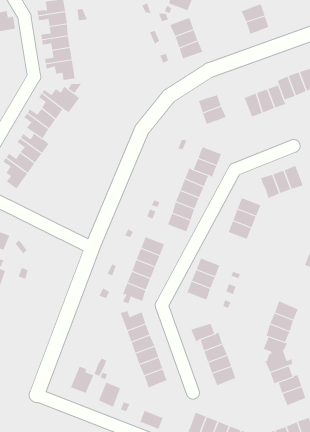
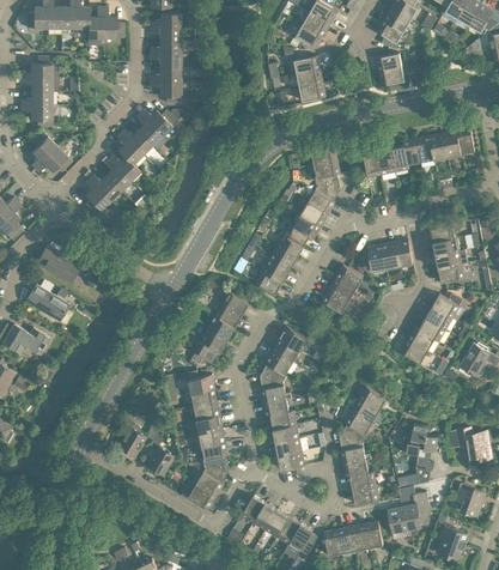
building: none -> [303,175,340,214]
building: none -> [260,363,291,404]
building: none -> [191,456,229,497]

